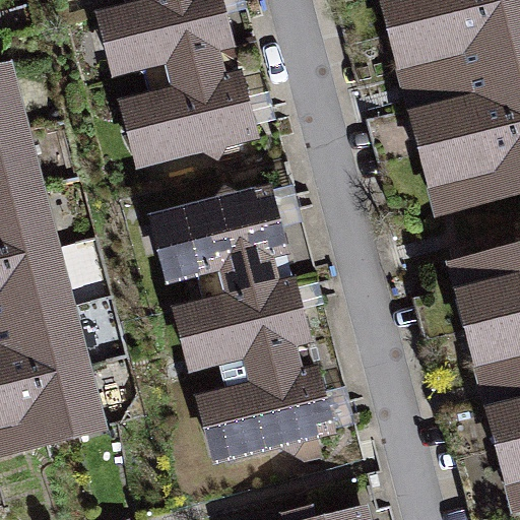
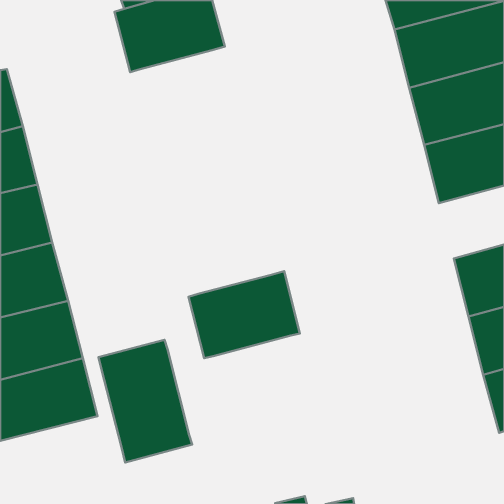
building: [141,52,255,162] -> none
building: [171,191,285,303] -> none
building: [217,345,332,459] -> none
building: none -> [99,340,192,462]

